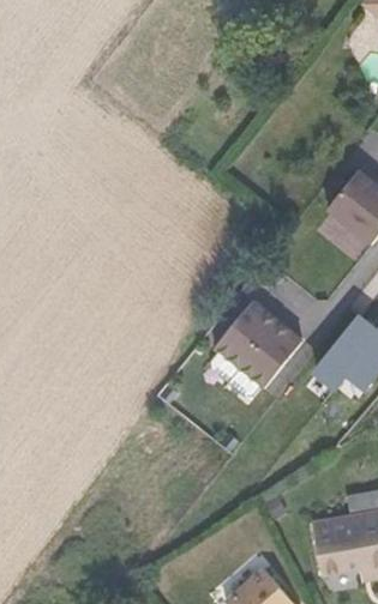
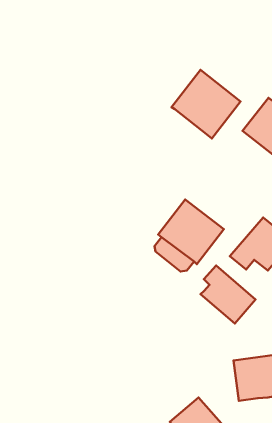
building: none -> [172,70,241,138]
building: none -> [201,266,256,324]

